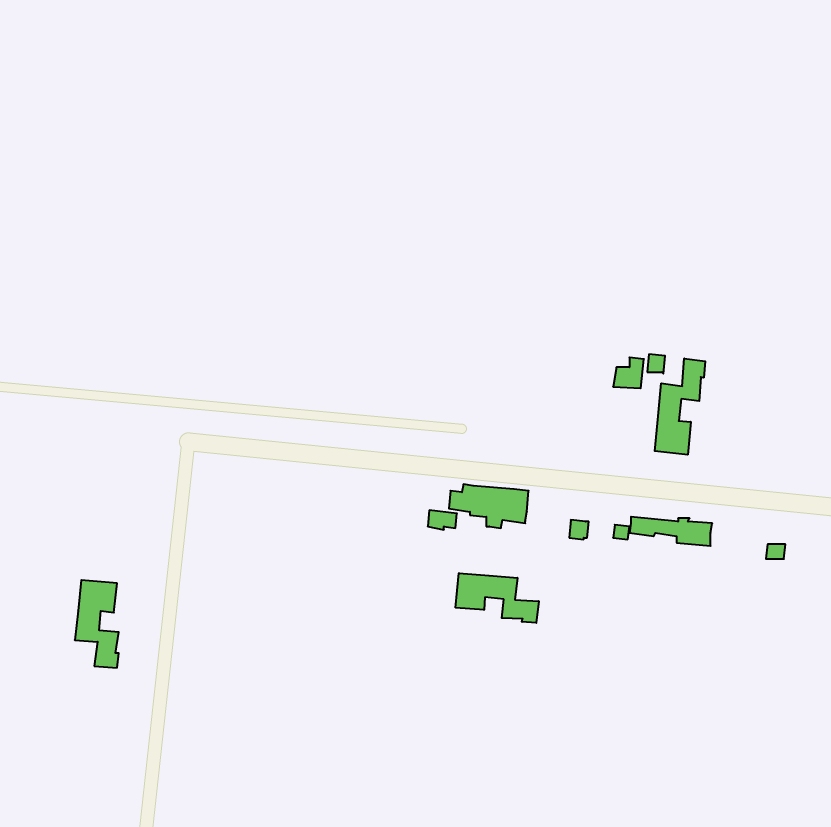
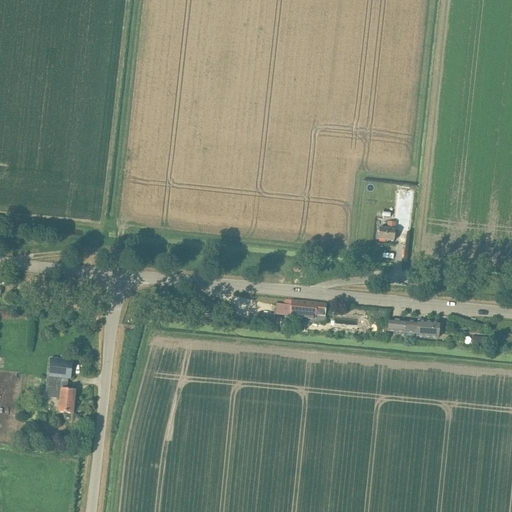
building: [655,358,705,455] -> none
building: [456,573,539,623] -> none

